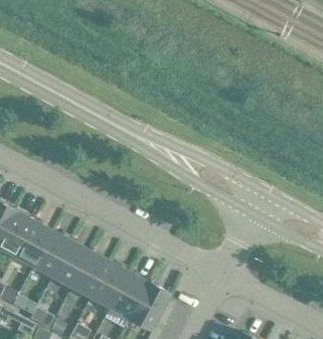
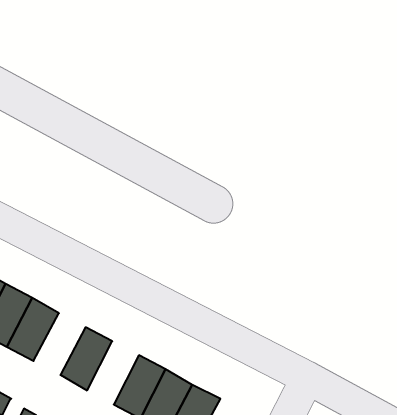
building: [34,231,71,276] -> none
building: [72,251,110,297] -> none

